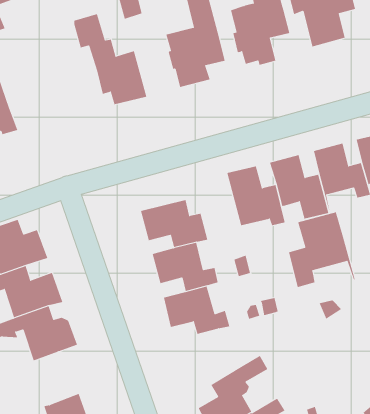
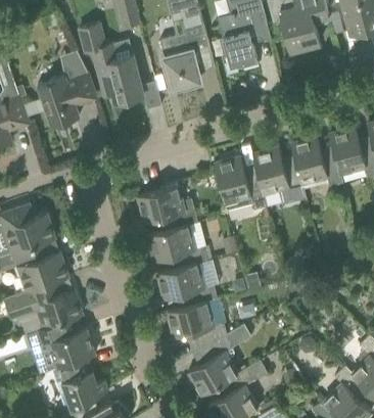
building: none -> [37,50,96,128]
building: [288,211,356,288] -> none
building: none -> [167,301,226,356]
building: none -> [25,323,95,369]

